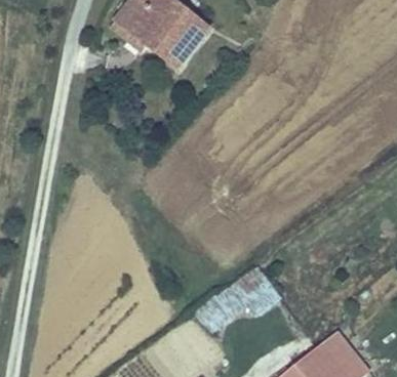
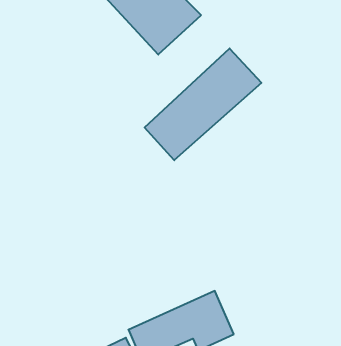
building: none -> [145,48,261,160]

